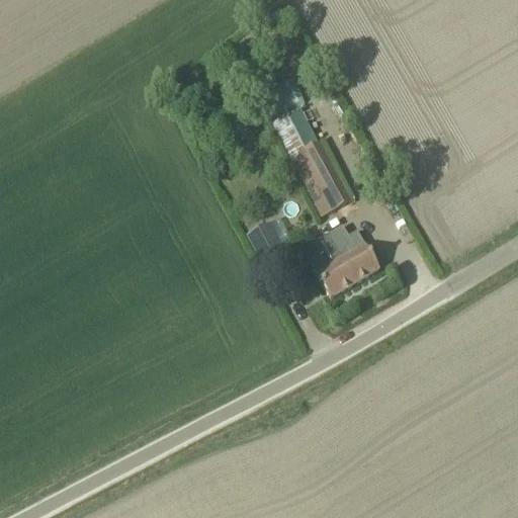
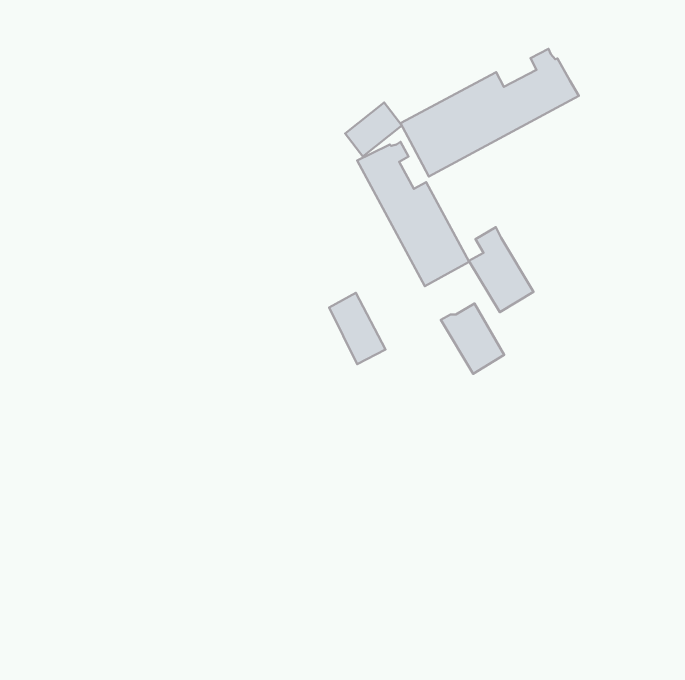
building: none -> [401,49,579,177]
building: [310,232,358,295] -> [469,227,533,312]

